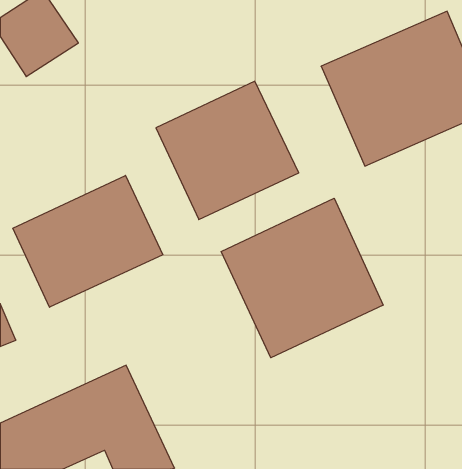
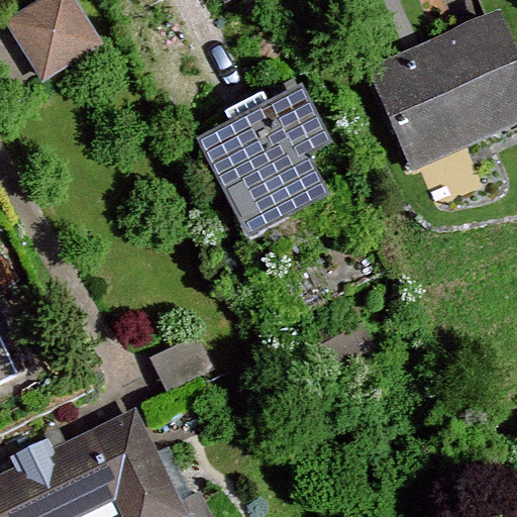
building: [13,175,163,307] -> none
building: [221,198,383,358] -> none

